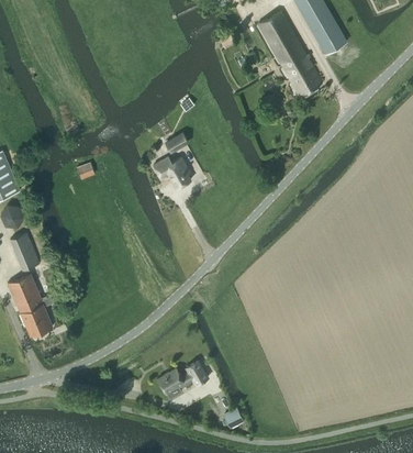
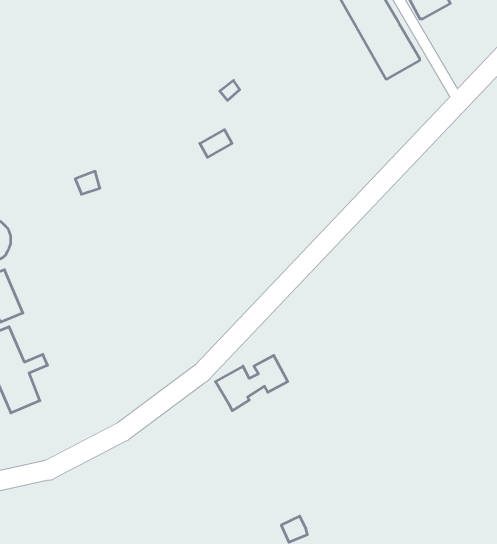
building: [154,157,191,188] -> none
building: [157,360,209,399] -> [215,355,288,411]

